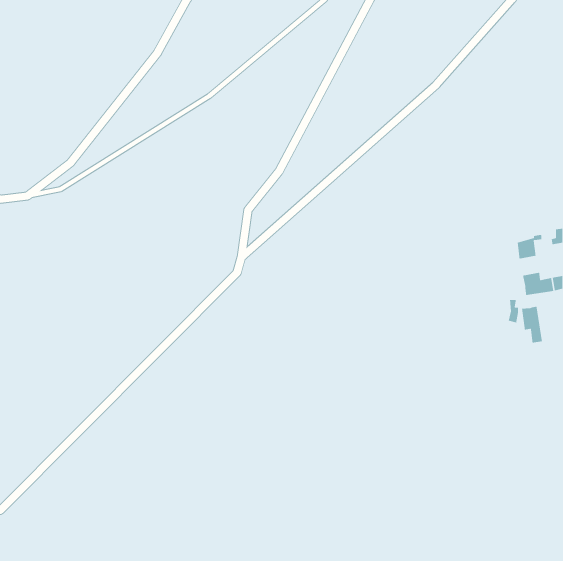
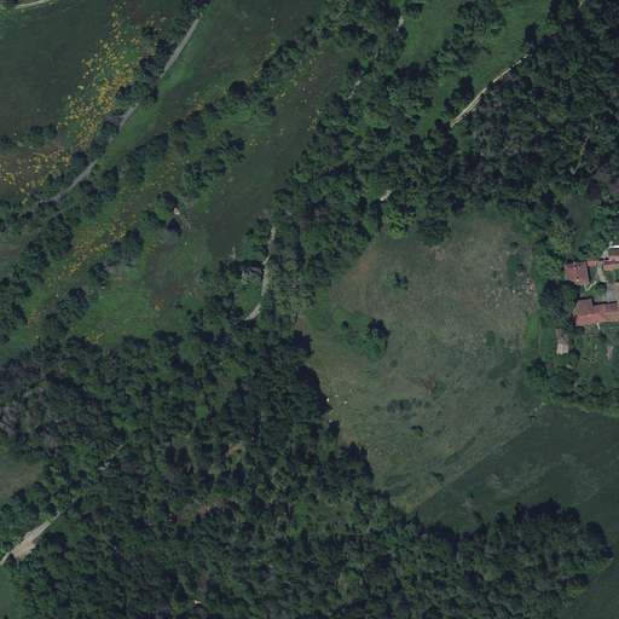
building: [521,306,543,343] -> none

